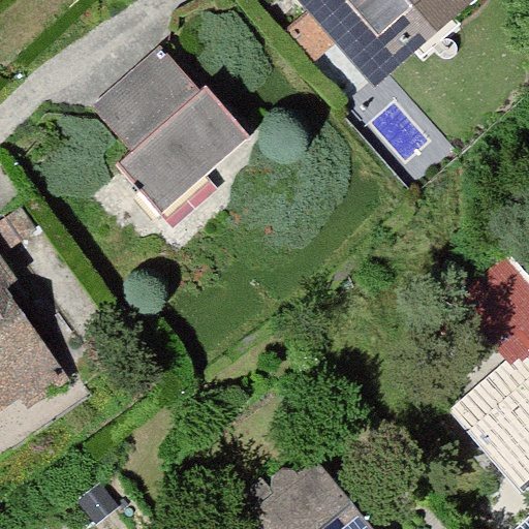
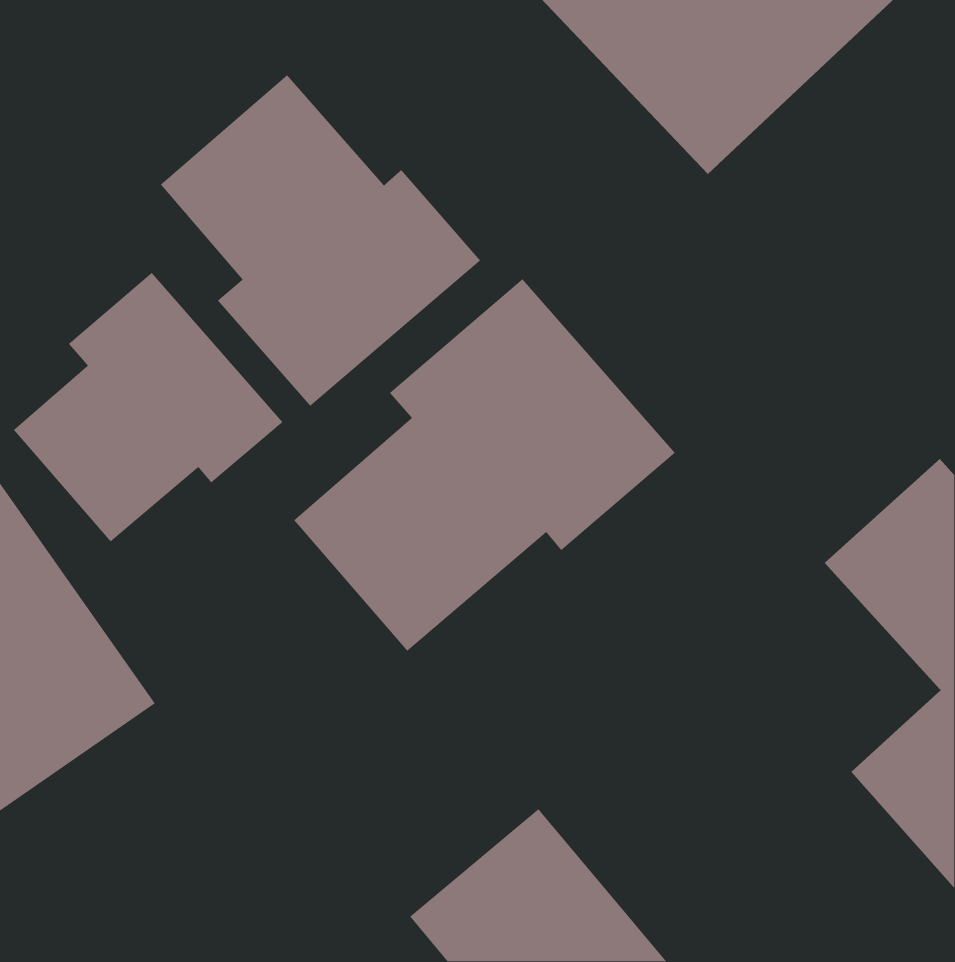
building: none -> [13,272,283,543]
building: none -> [293,278,676,652]

